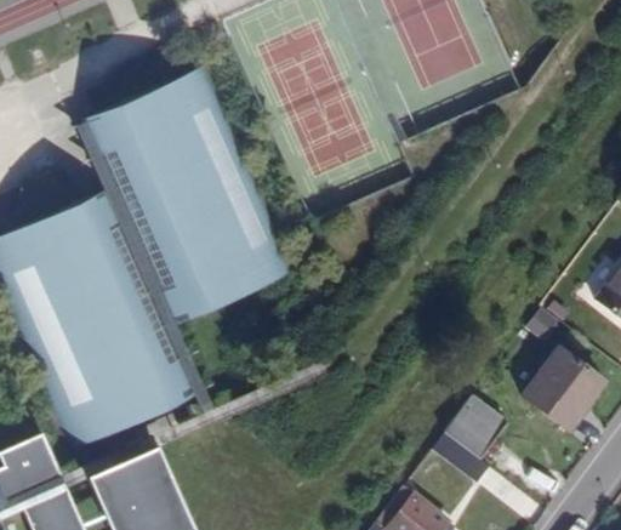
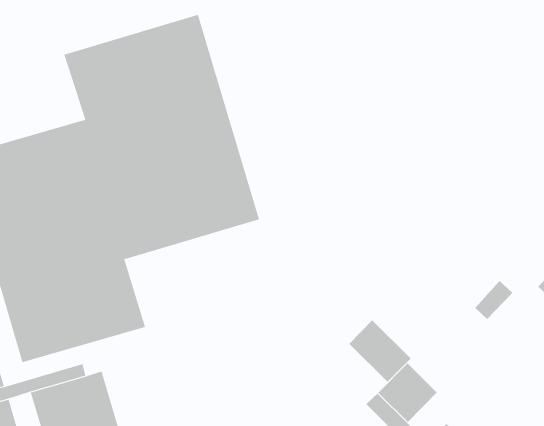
building: [522,348,604,431] -> none
building: none -> [348,320,412,383]

